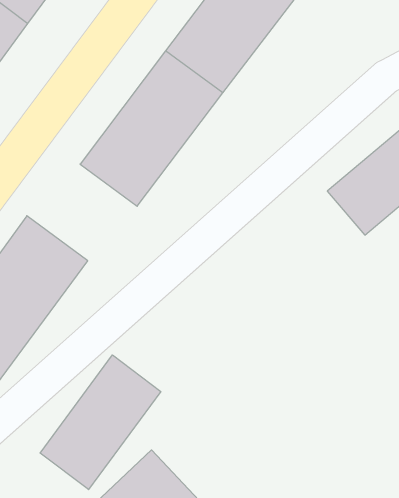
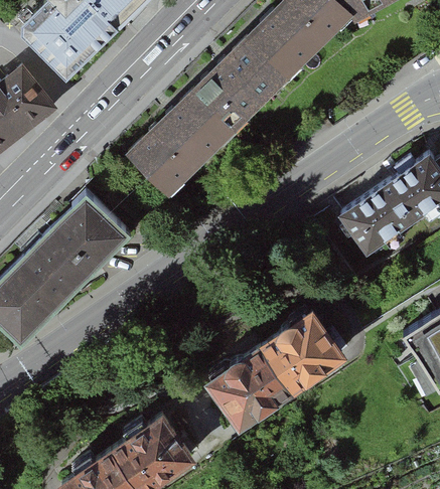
building: none -> [206,305,347,429]
building: [40,355,161,490] -> none

